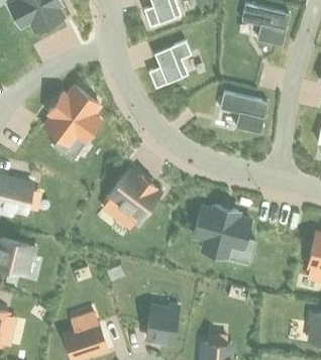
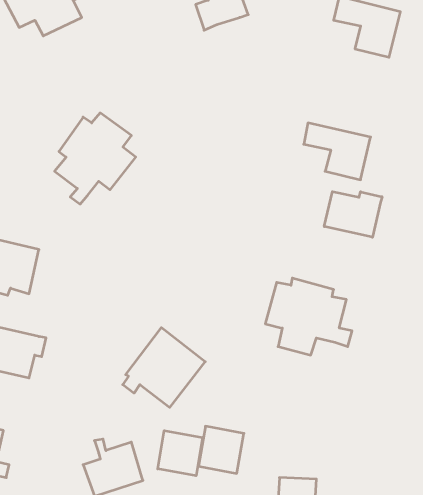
building: [147,41,191,90] -> none
building: none -> [324,192,382,237]
building: [102,167,161,224] -> [123,328,205,407]
building: none -> [158,431,203,476]

